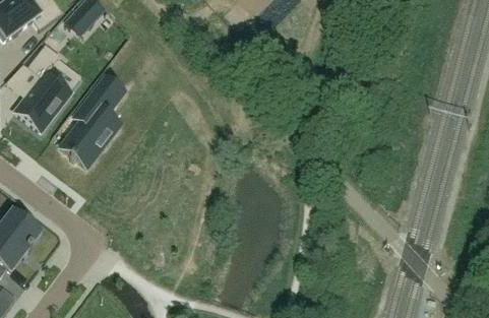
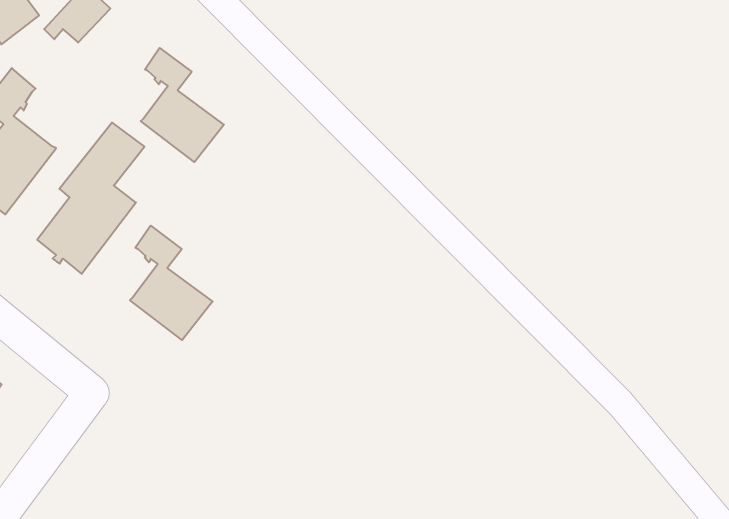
building: none -> [141,48,224,162]
building: none -> [130,226,213,340]

